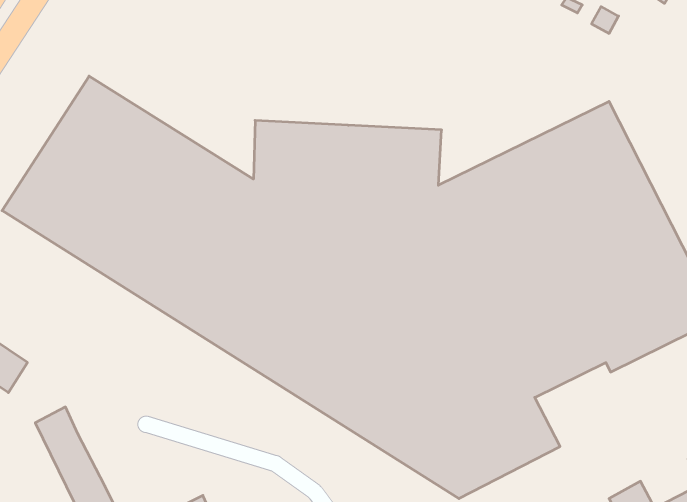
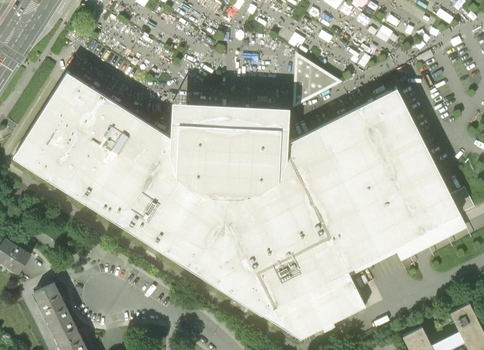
building: none -> [295,53,340,102]

